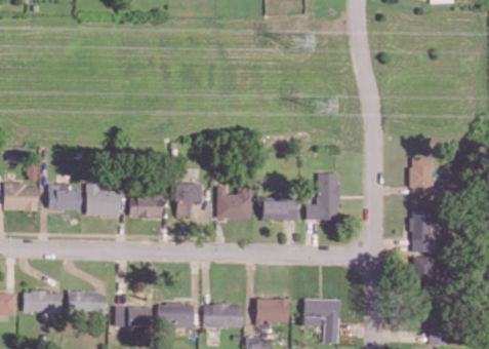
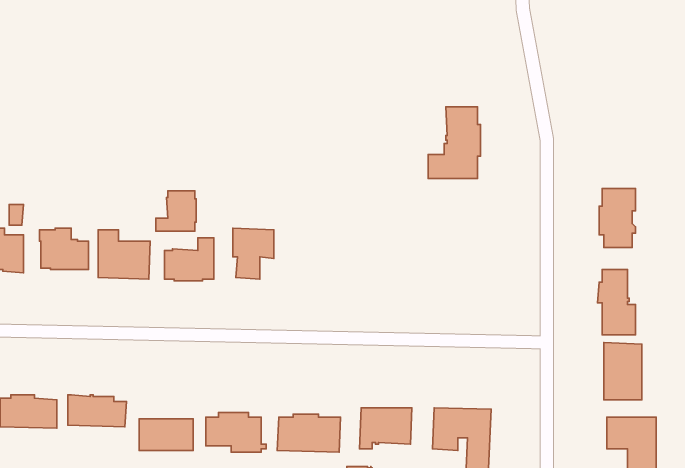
building: none -> [156,191,196,231]
building: [307,173,340,220] -> [428,107,481,178]
building: [217,186,252,219] -> none
building: [260,198,298,220] -> none

